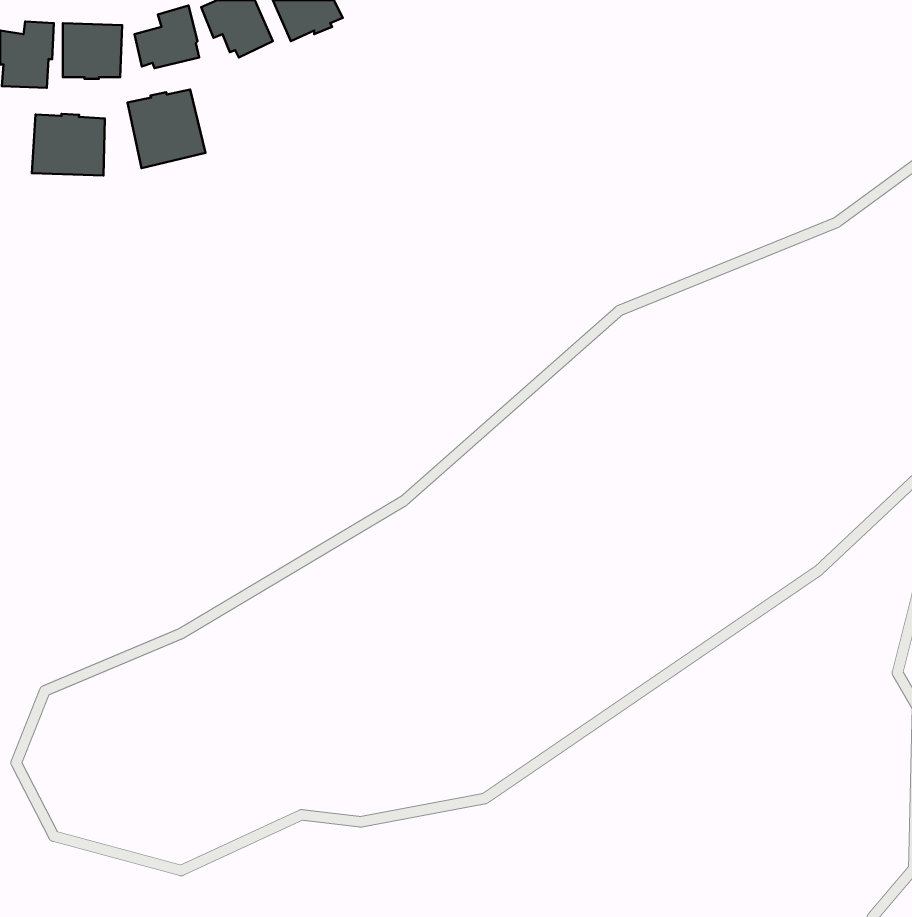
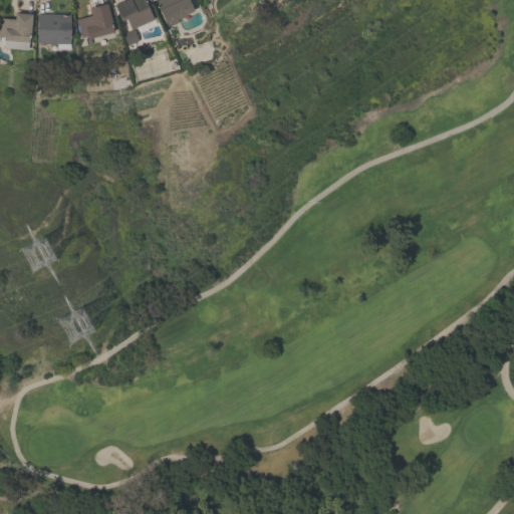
building: [128,90,206,168] -> none
building: [32,114,105,175] -> none

